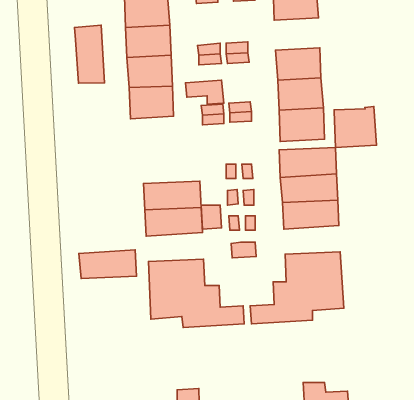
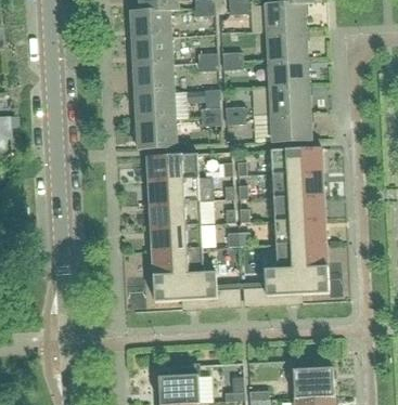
building: none -> [266,29,307,58]
building: [74,25,104,83] -> none
building: [334,106,376,147] -> none
building: none -> [136,118,177,148]
building: none -> [146,153,198,179]
building: none -> [274,217,325,243]
building: [79,250,136,279] -> [150,223,202,249]

